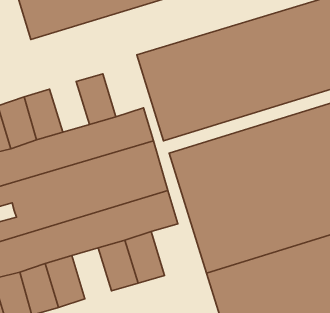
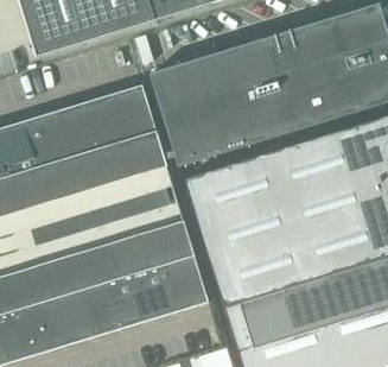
building: none -> [114,83,158,139]
building: none -> [57,101,100,156]
building: none -> [166,254,209,310]
building: none -> [81,280,123,335]

